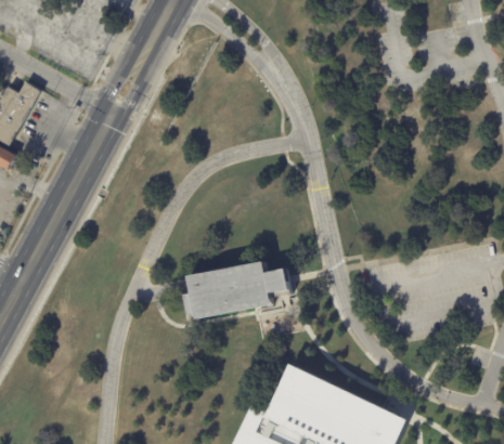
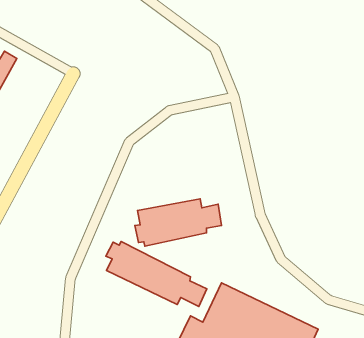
building: none -> [106,241,207,307]

